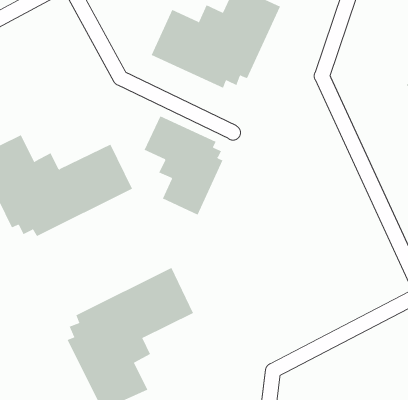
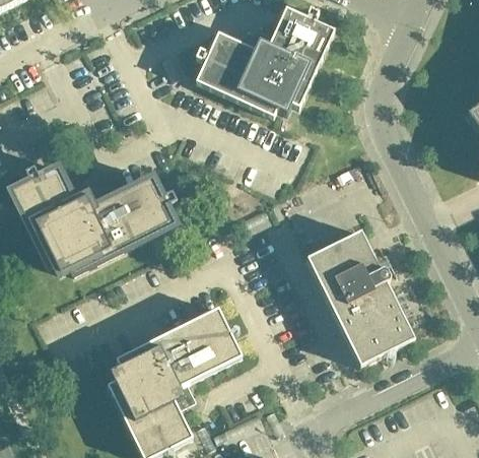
building: [144,116,223,215] -> none
building: none -> [306,230,415,365]

